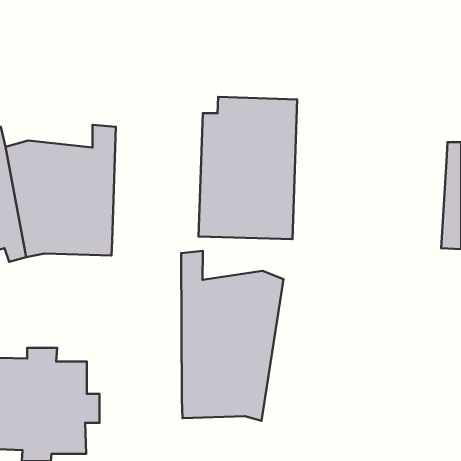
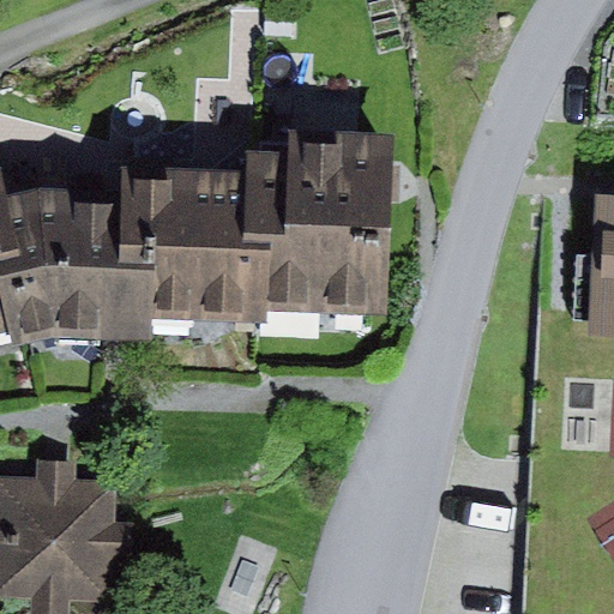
building: none -> [149,149,269,324]
building: [181,251,283,421] -> none

